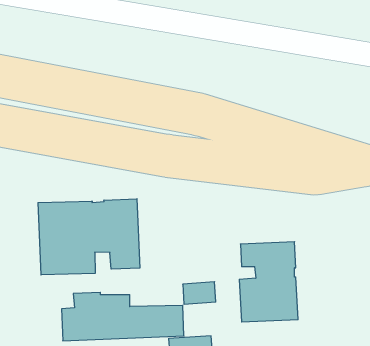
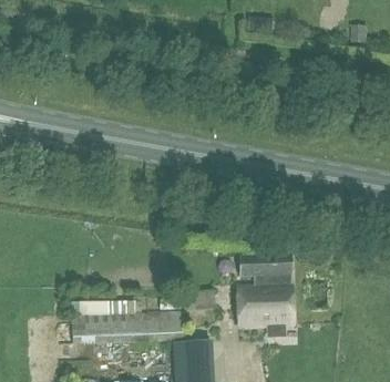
building: [38,199,140,275] -> none

